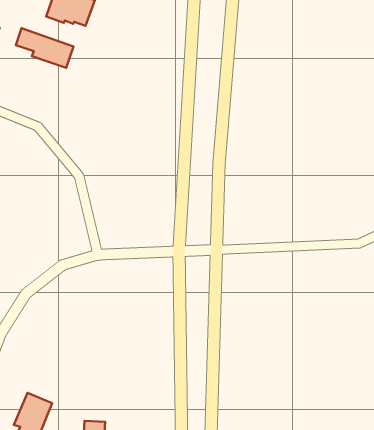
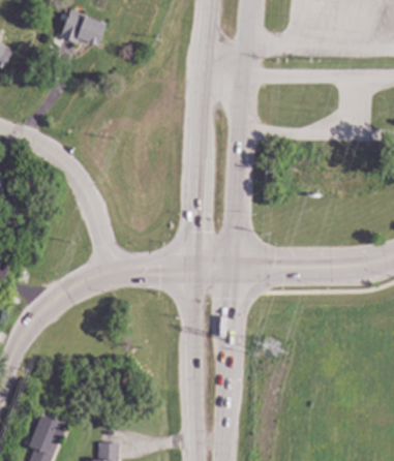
building: [16,28,73,68] -> none

